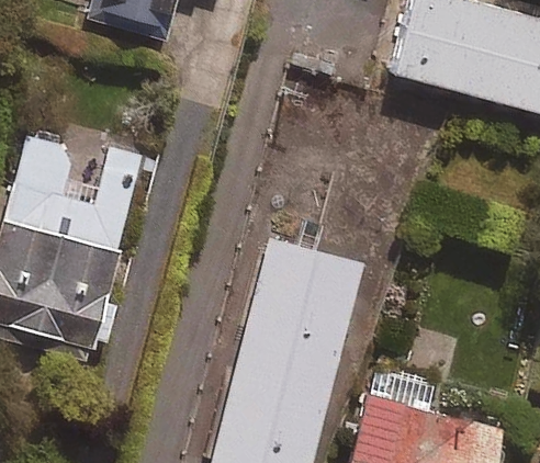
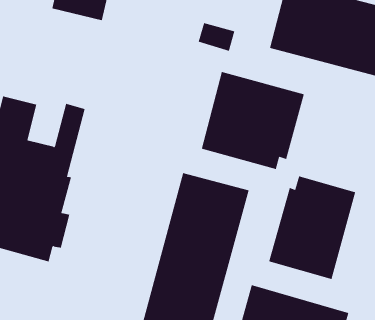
building: none -> [201,71,304,170]
building: none -> [268,175,356,280]

